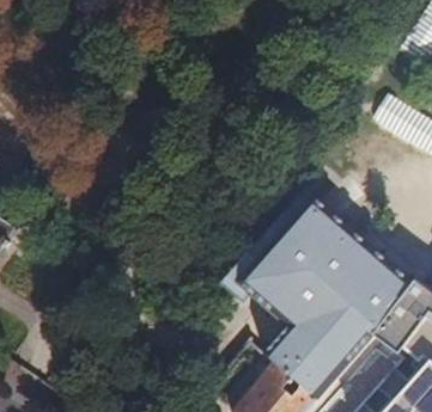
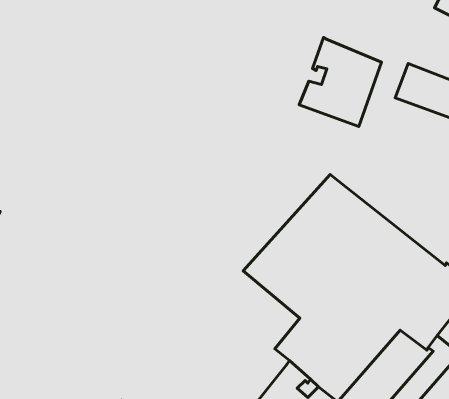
building: none -> [299,37,382,127]

